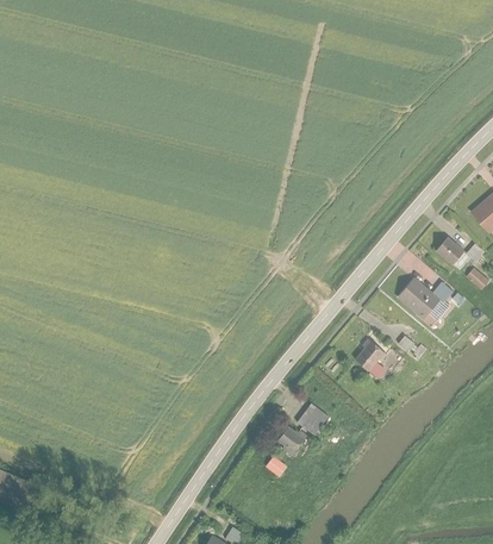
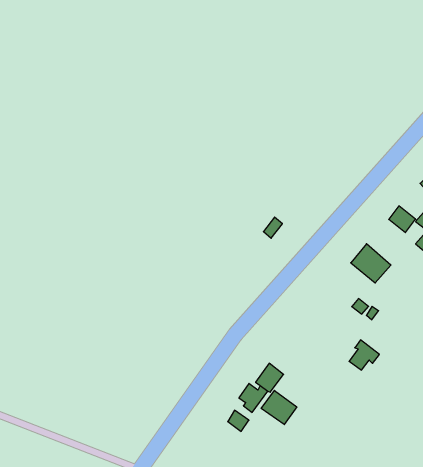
building: [354,337,386,369] -> [349,340,379,370]
building: none -> [261,390,297,425]

